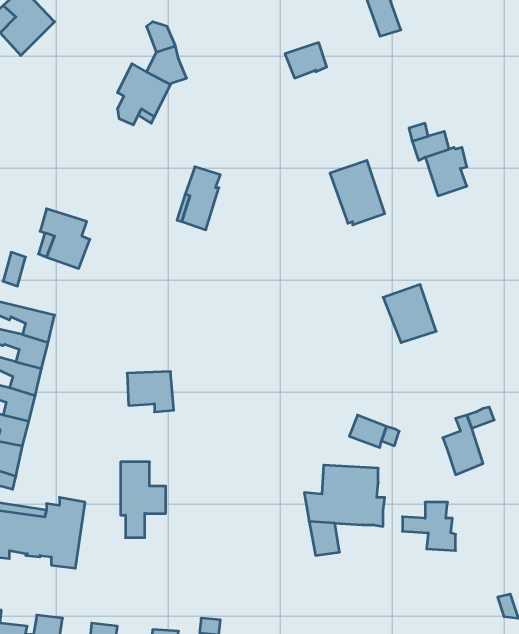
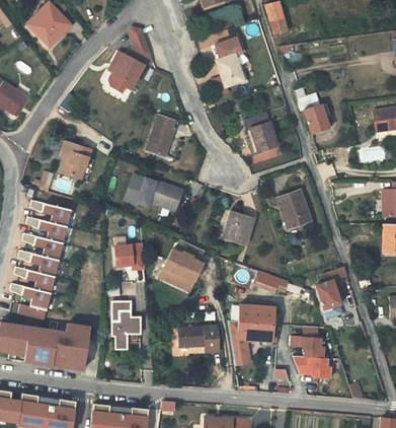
building: none -> [218,56,243,86]
building: none -> [135,182,182,211]
building: none -> [224,213,254,244]
building: none -> [163,240,204,288]
building: none -> [179,327,219,352]
building: none -> [297,357,332,378]

